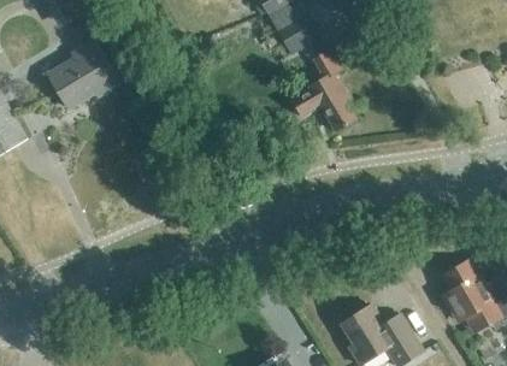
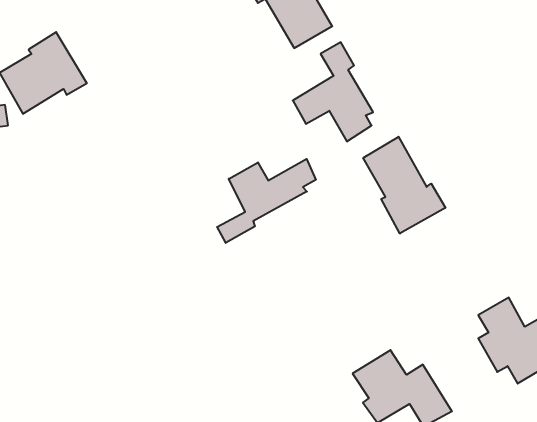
building: none -> [363,137,445,234]
building: none -> [217,159,316,243]

